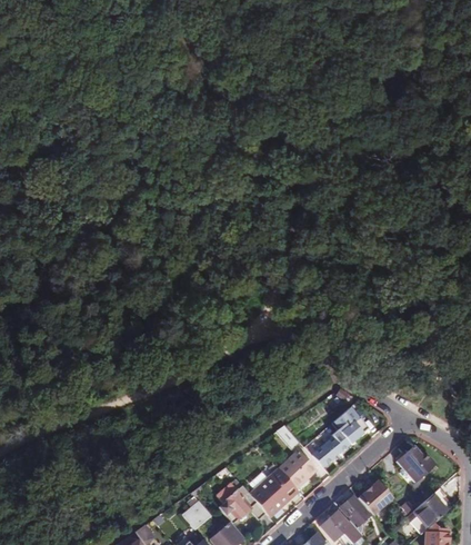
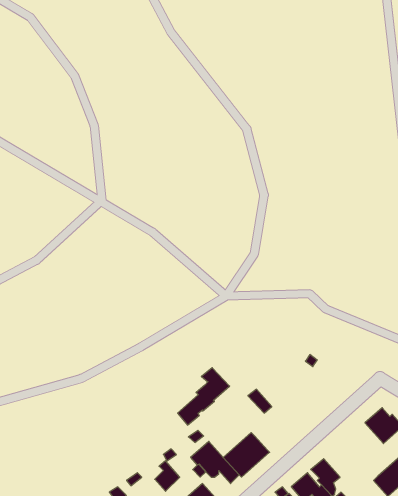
building: [311,408,364,467] -> [178,368,230,425]
building: [282,455,314,487] -> none
building: [358,479,390,512] -> none

